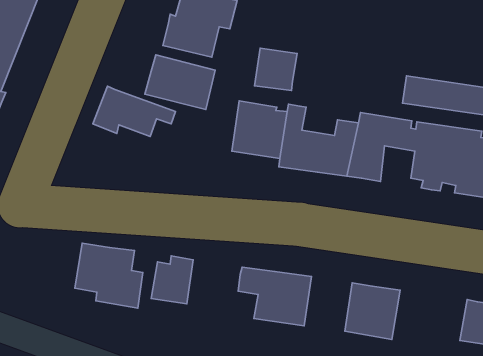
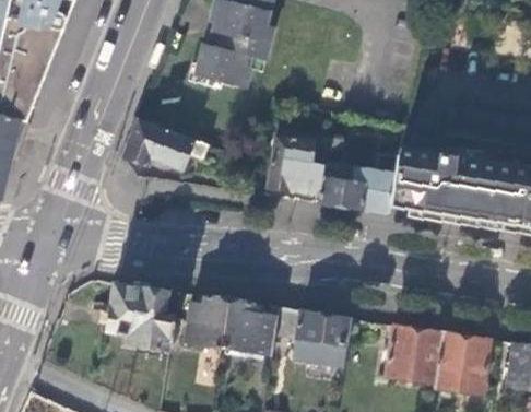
building: [254,48,297,91] -> none
building: [145,55,215,110] -> none
building: none -> [422,180,458,222]
building: none -> [220,299,275,353]
building: none -> [434,331,488,393]

